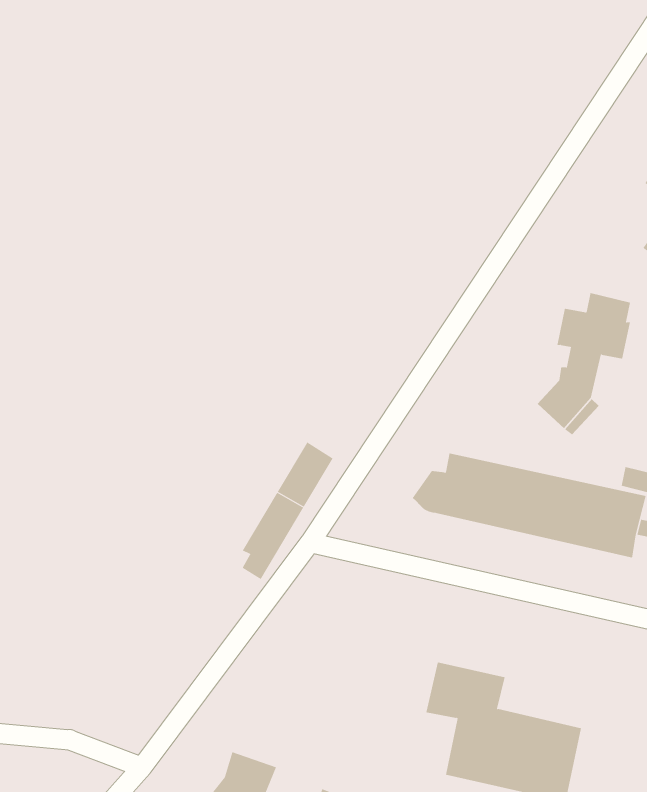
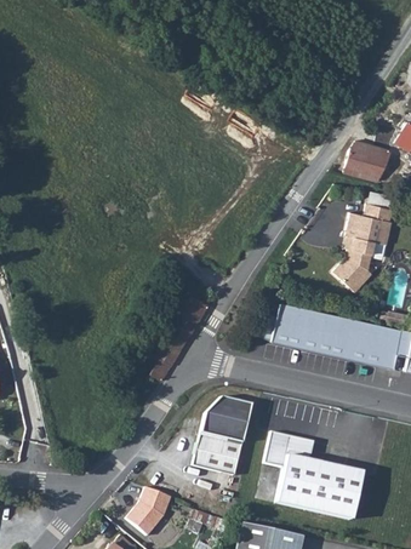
building: none -> [344,141,392,181]
building: none -> [193,398,251,475]

